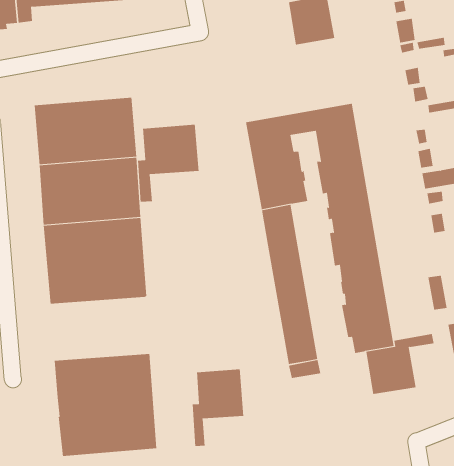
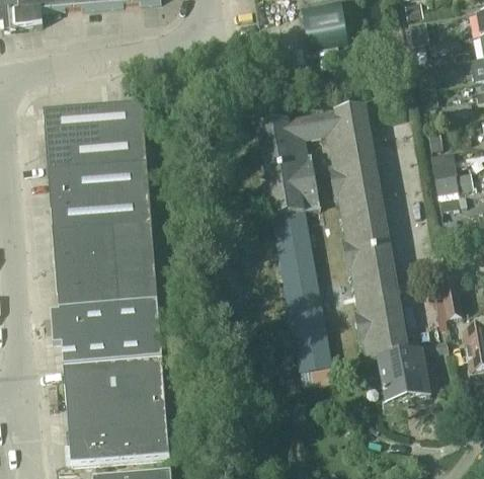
building: [137,124,199,202] -> none
building: none -> [52,302,161,366]
building: [192,369,244,447] -> none

